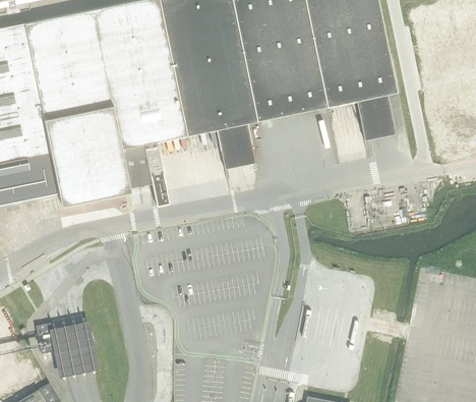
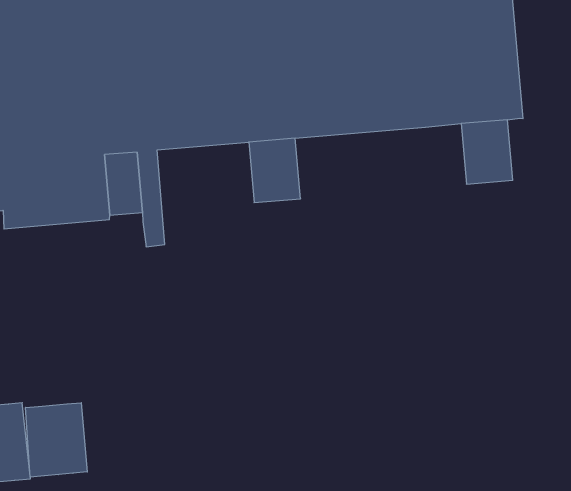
building: none -> [26,403,87,477]

